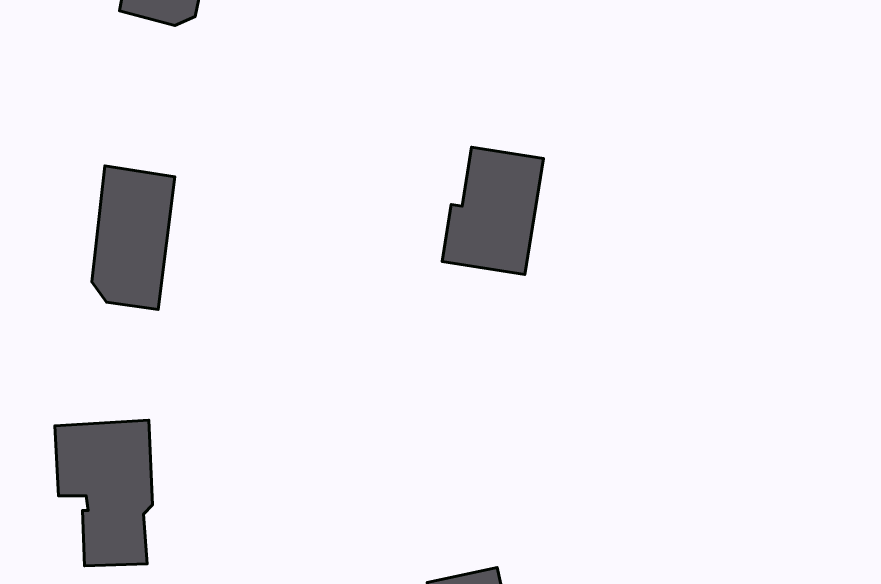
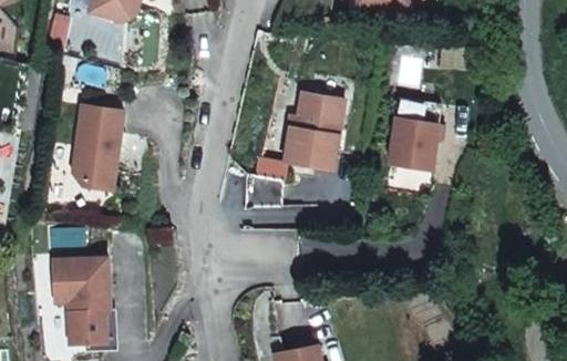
building: none -> [389,97,441,169]

